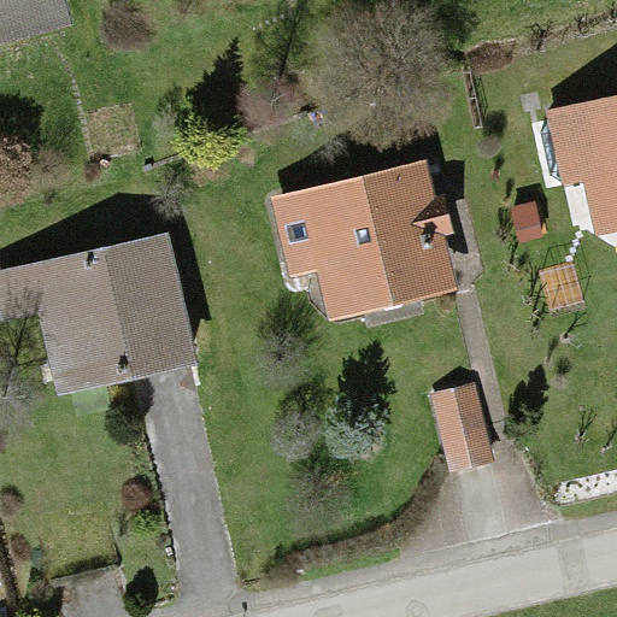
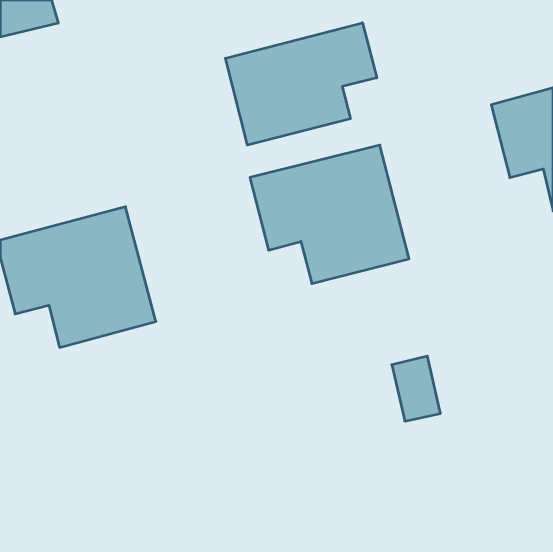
building: none -> [225,23,377,145]

